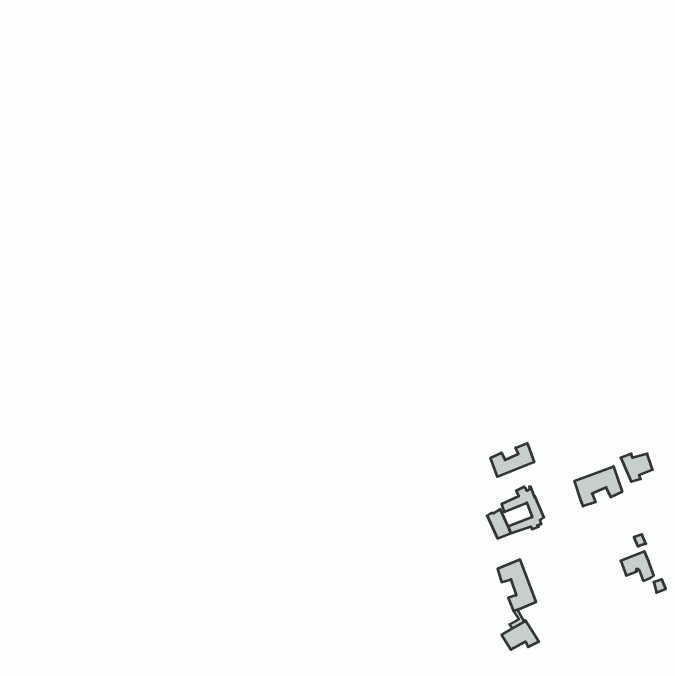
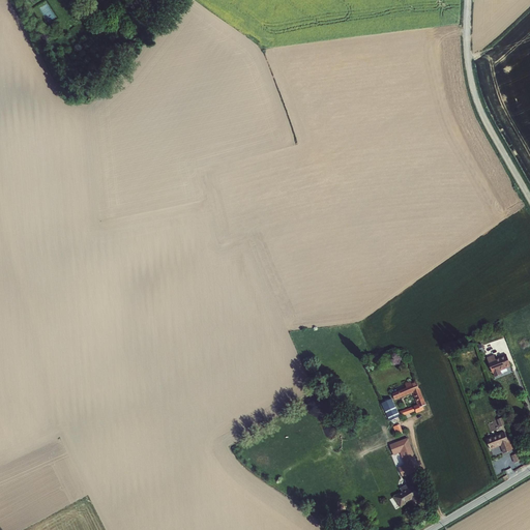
building: [491,443,534,477] -> none
building: [575,466,622,506] -> none

